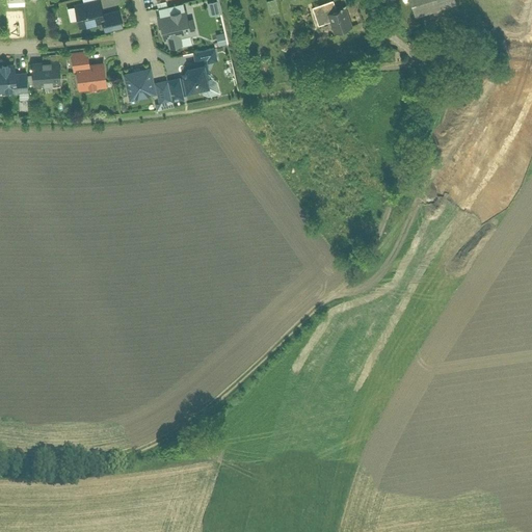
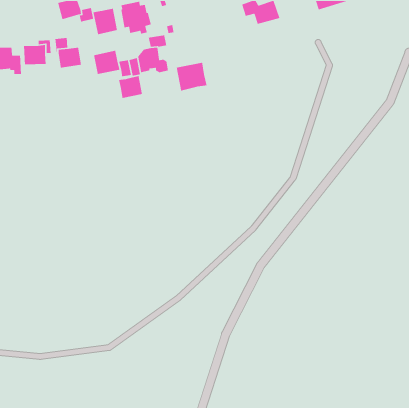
building: none -> [92,8,118,35]
building: none -> [176,62,207,91]
building: none -> [118,75,143,99]

